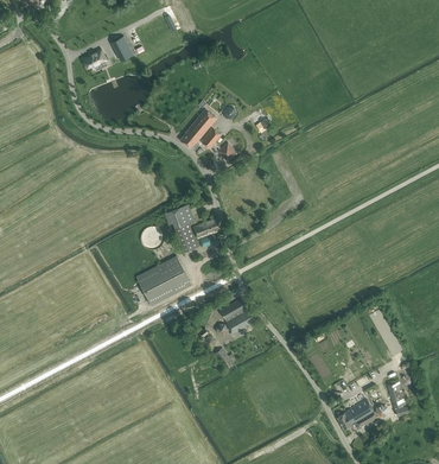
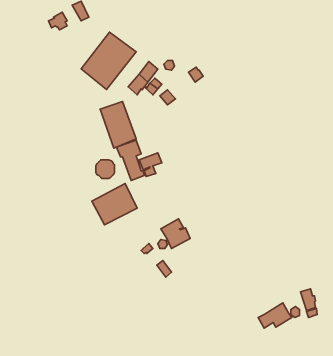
building: none -> [81,32,136,89]
building: none -> [100,101,136,148]

